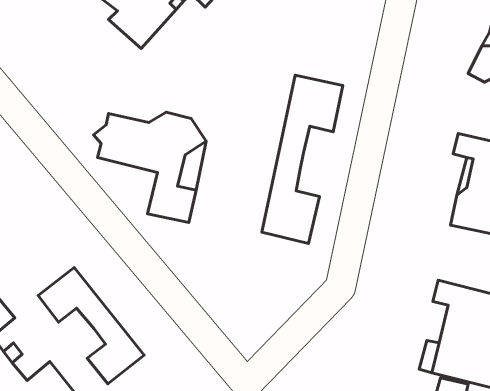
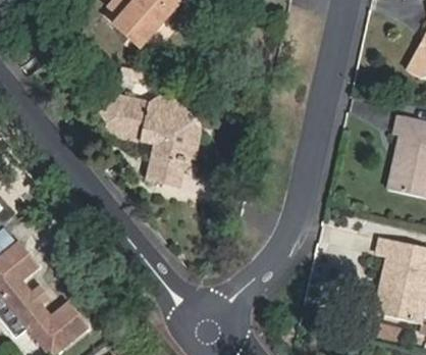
building: [262,75,343,244] -> none
building: [38,268,144,384] -> none

